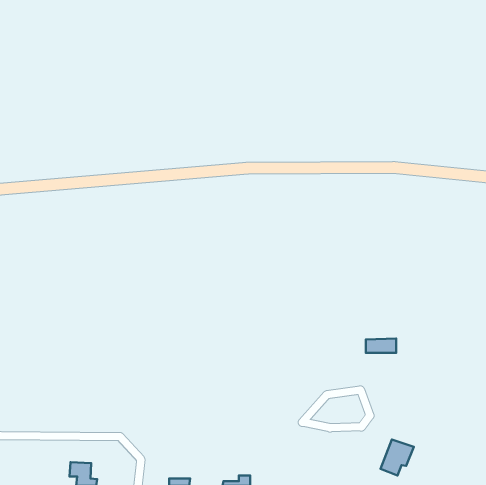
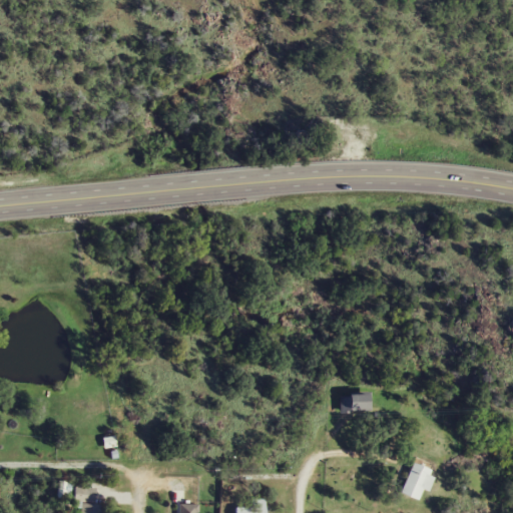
building: [366,339,396,353] -> [339,396,371,411]

